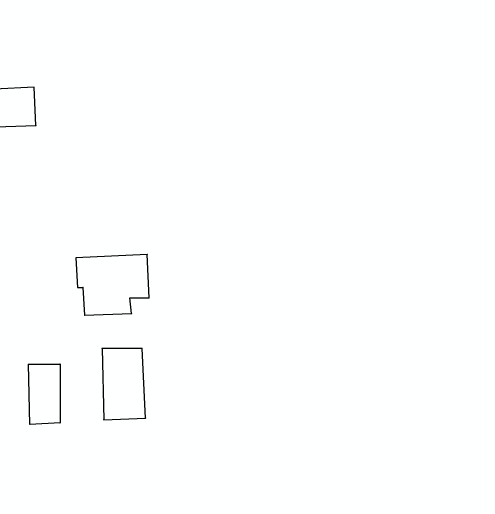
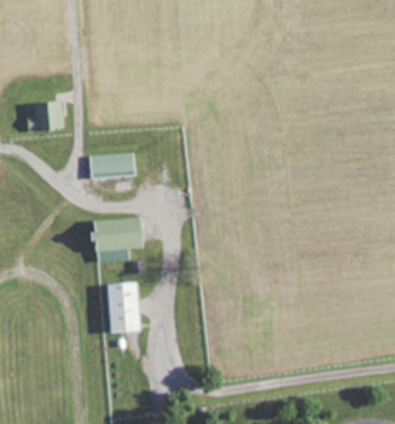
building: none -> [89,153,134,178]
building: [28,364,60,424] -> none

